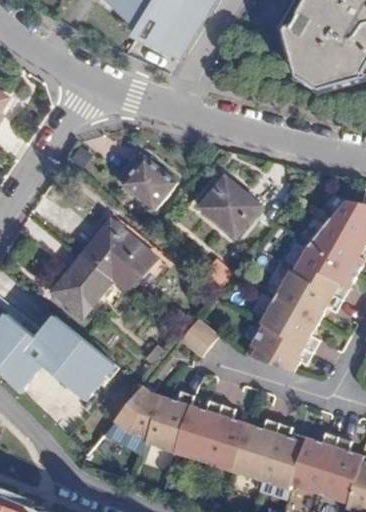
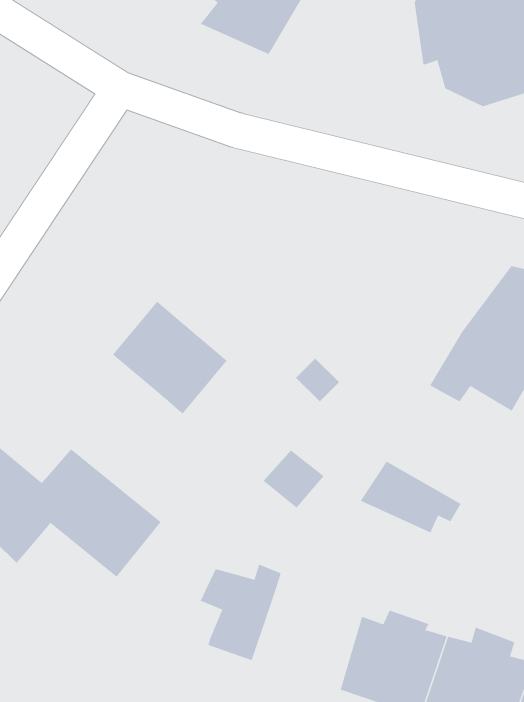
building: [122,152,178,207] -> none
building: [199,176,261,237] -> none
building: [52,255,114,317] -> none
building: [257,272,343,352] -> none
building: [115,386,154,440] -> none
building: [174,403,245,473] -> none

